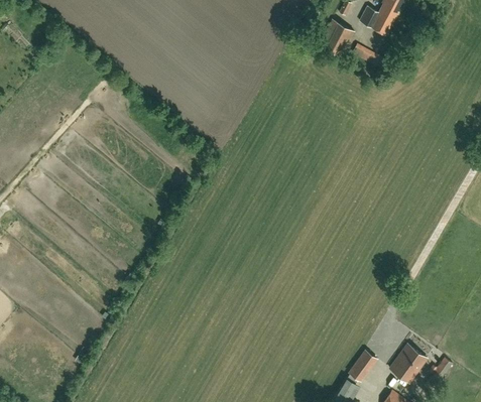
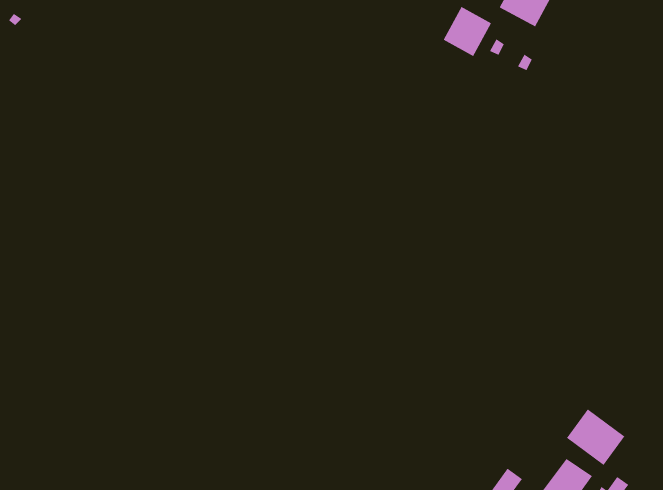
building: none -> [566,408,625,466]

